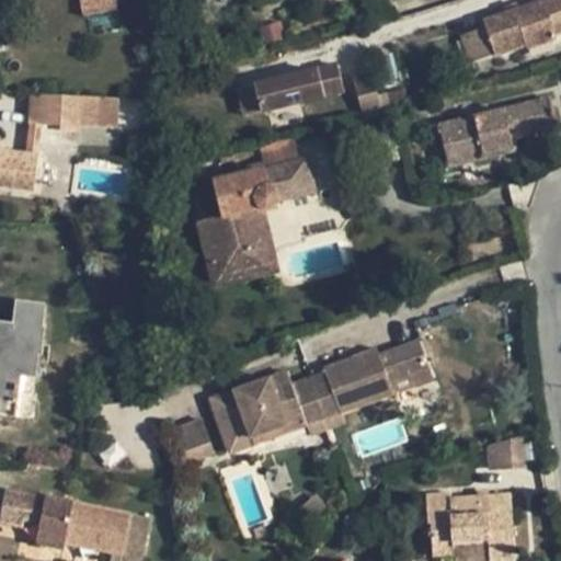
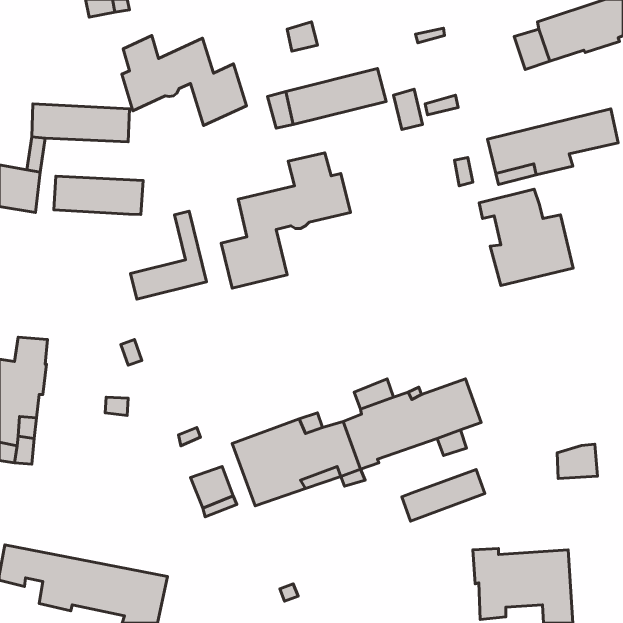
building: none -> [122,36,246,126]
building: none -> [54,176,143,214]
building: none -> [479,189,573,286]
building: [208,203,276,282] -> [131,211,206,299]
building: none -> [402,469,485,521]
building: [486,438,523,469] -> [557,444,597,478]

